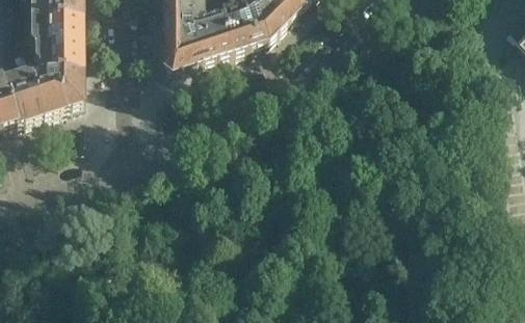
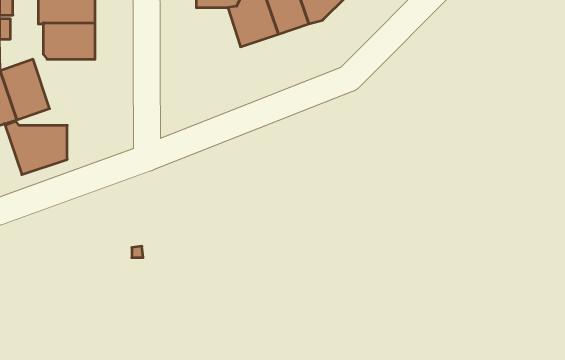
building: [166,29,203,71] -> none
building: [32,68,83,112] -> [5,120,67,175]

